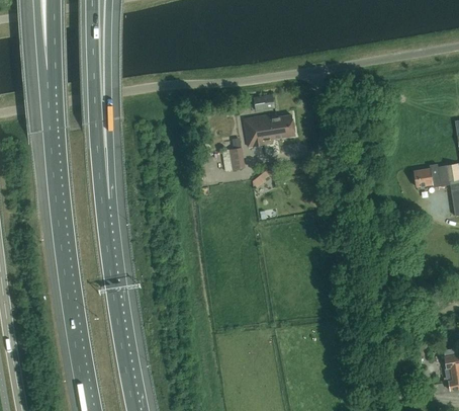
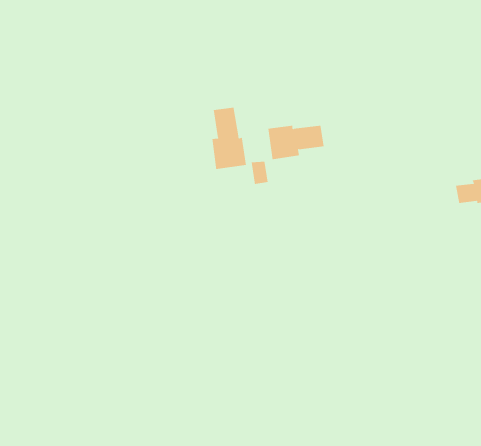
building: none -> [212,107,247,170]

